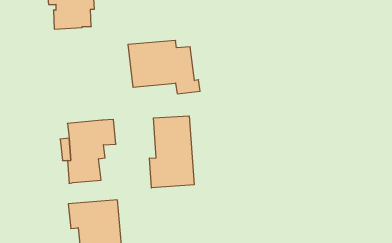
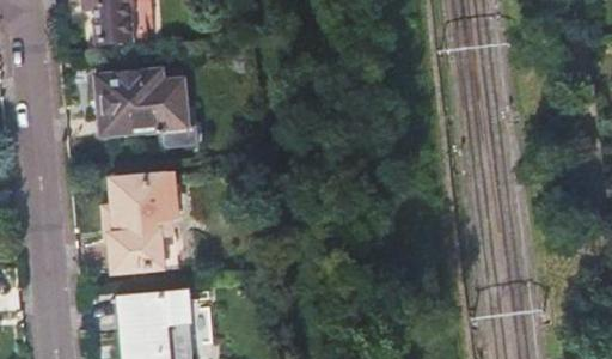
building: [128,40,200,94] -> [93,67,198,145]
building: [150,116,194,188] -> none

